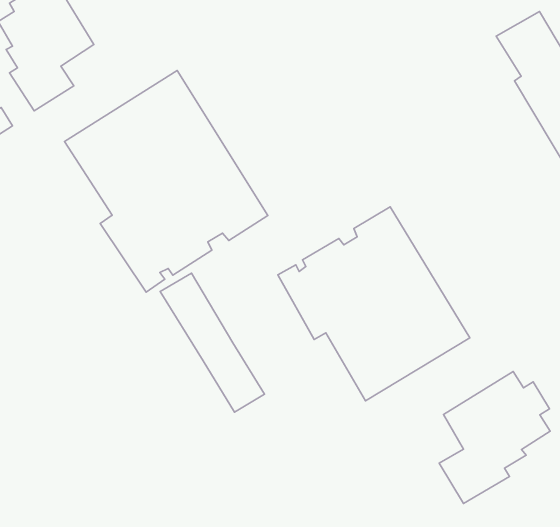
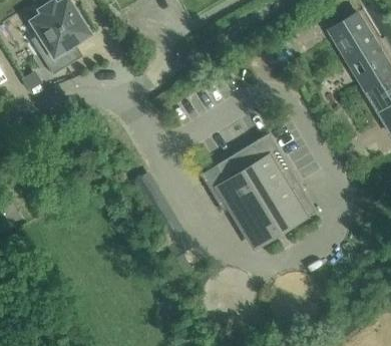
building: [65,71,268,292] -> none
building: [439,372,550,503] -> none

